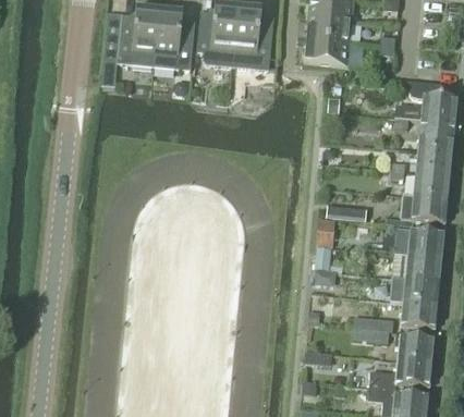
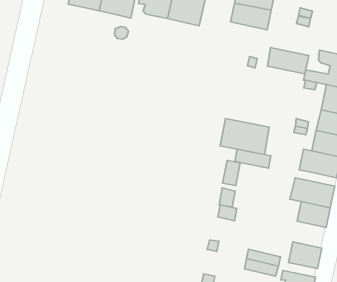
building: none -> [267,48,309,74]
building: none -> [220,118,269,155]
building: [391,277,439,305] -> none

